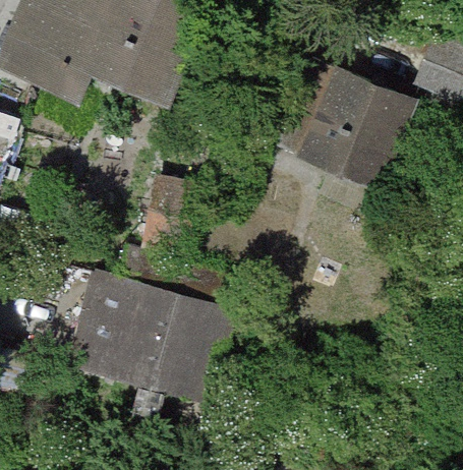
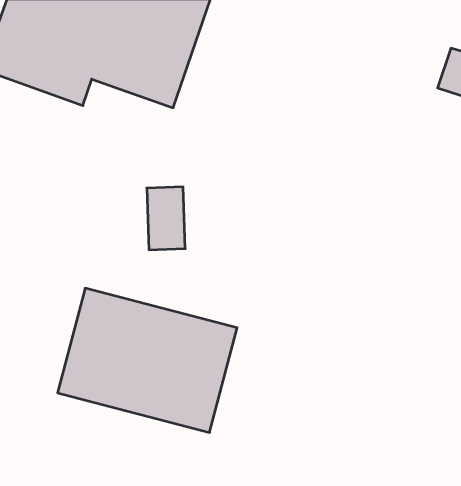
building: [271,53,406,186] -> none

